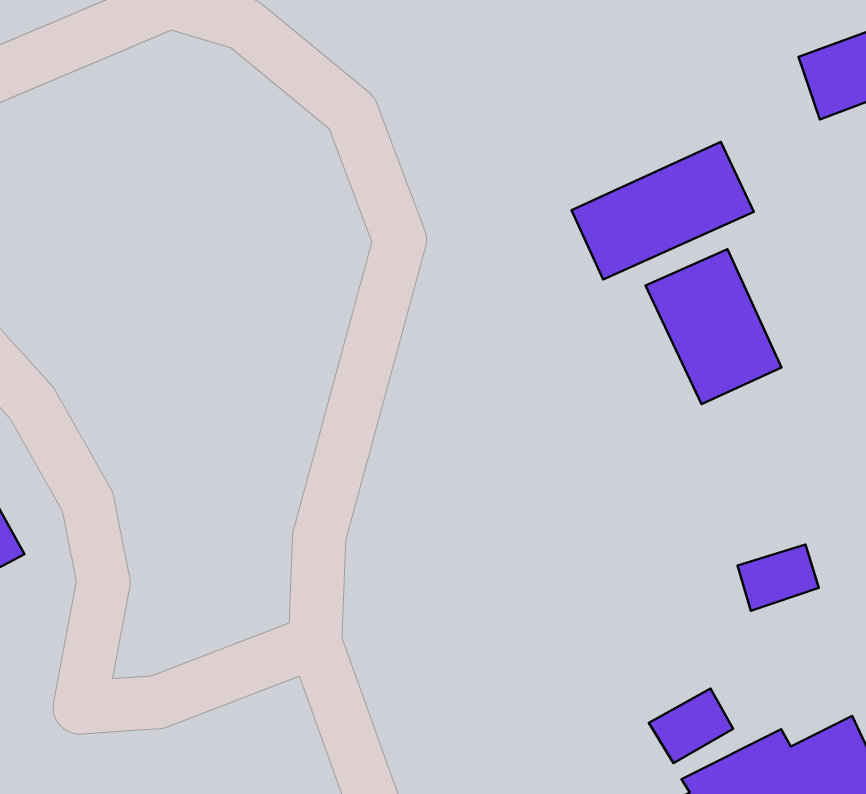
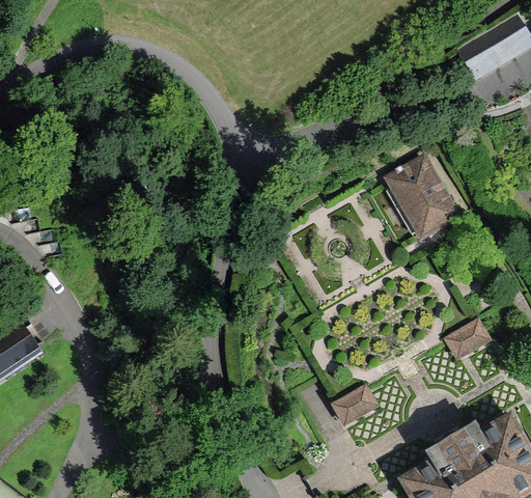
building: [571,142,754,279] -> none
building: [649,688,733,763] -> [331,381,379,424]

